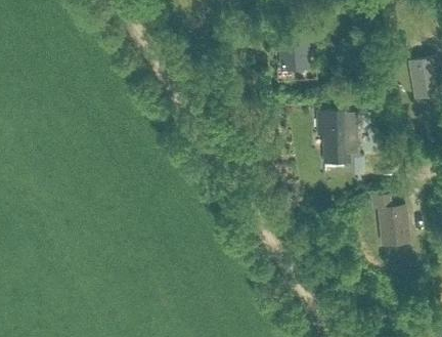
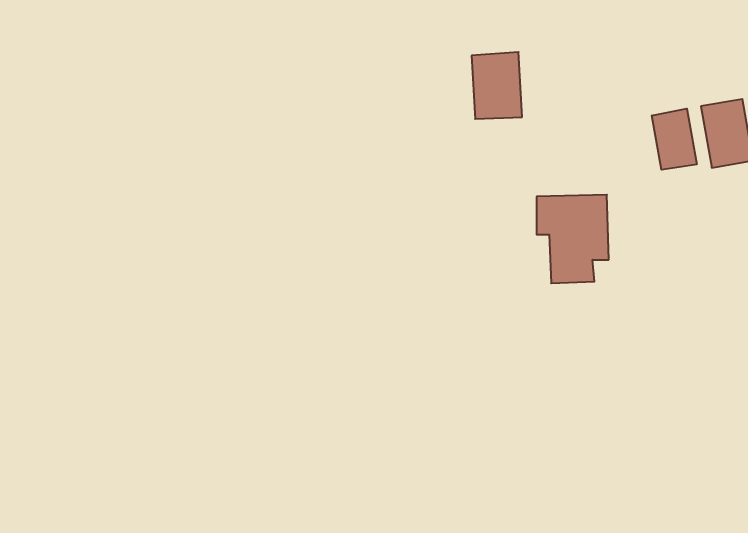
building: none -> [652,109,697,170]
building: [371,194,409,246] -> none

